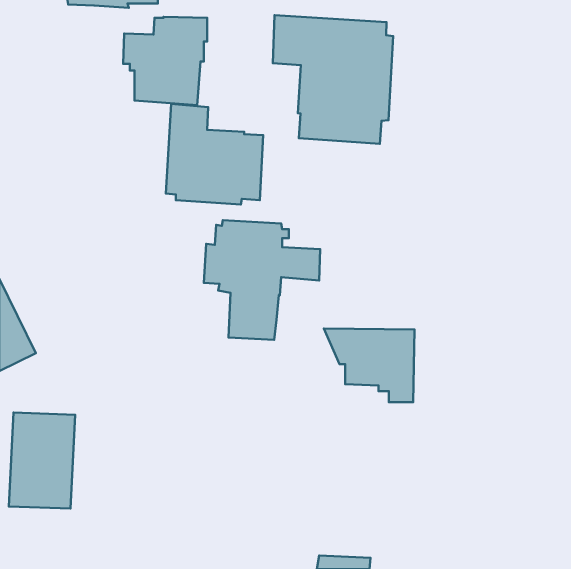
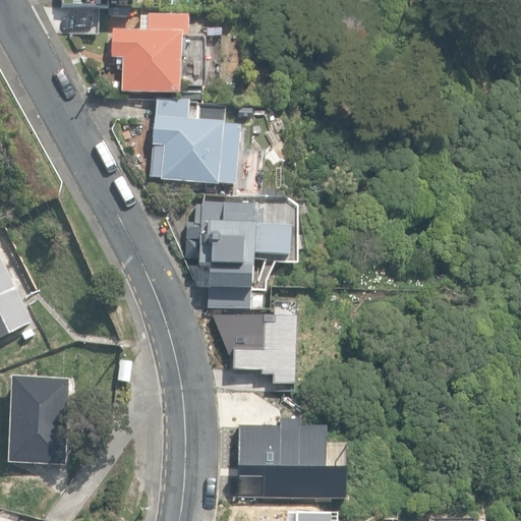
building: [273,15,393,144] -> none
building: [324,328,414,402] -> [211,312,293,380]
building: none -> [233,413,346,495]

